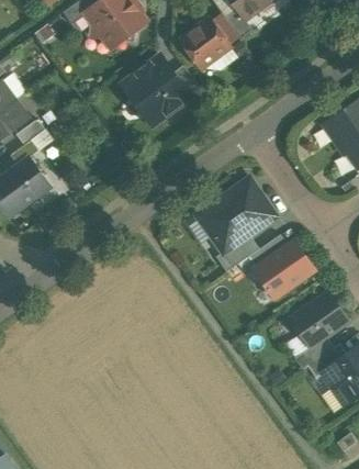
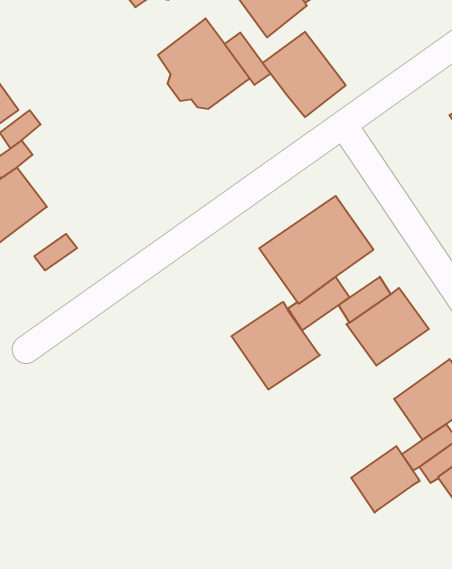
building: none -> [263,32,346,117]
building: none -> [231,302,320,389]
building: none -> [351,446,420,513]

